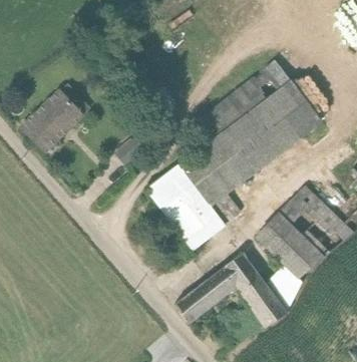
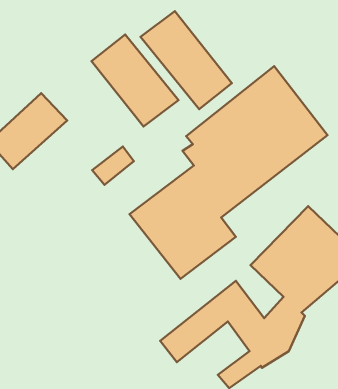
building: none -> [141,11,232,109]
building: none -> [92,34,179,126]

